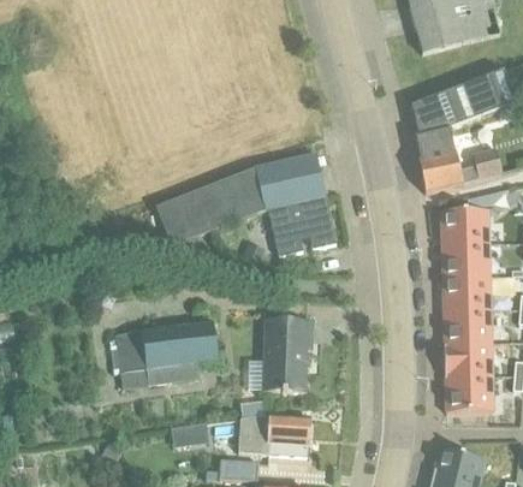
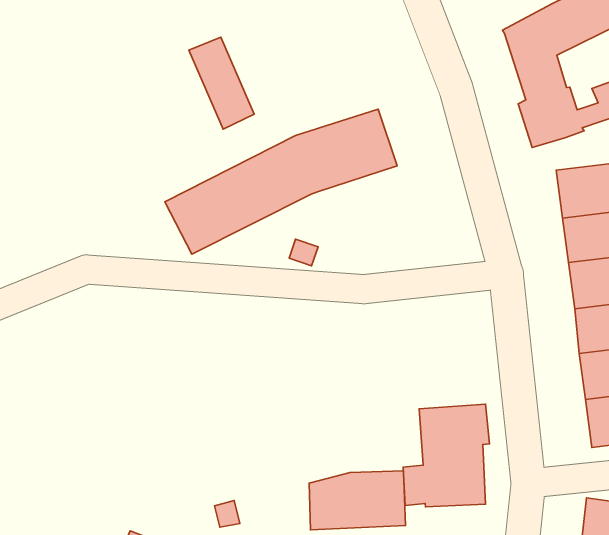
building: none -> [189,37,254,129]
building: [267,196,335,255] -> none
building: [248,320,313,393] -> [403,404,490,507]
building: [114,321,222,387] -> none

